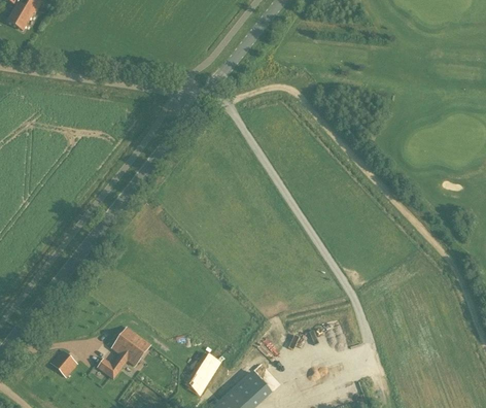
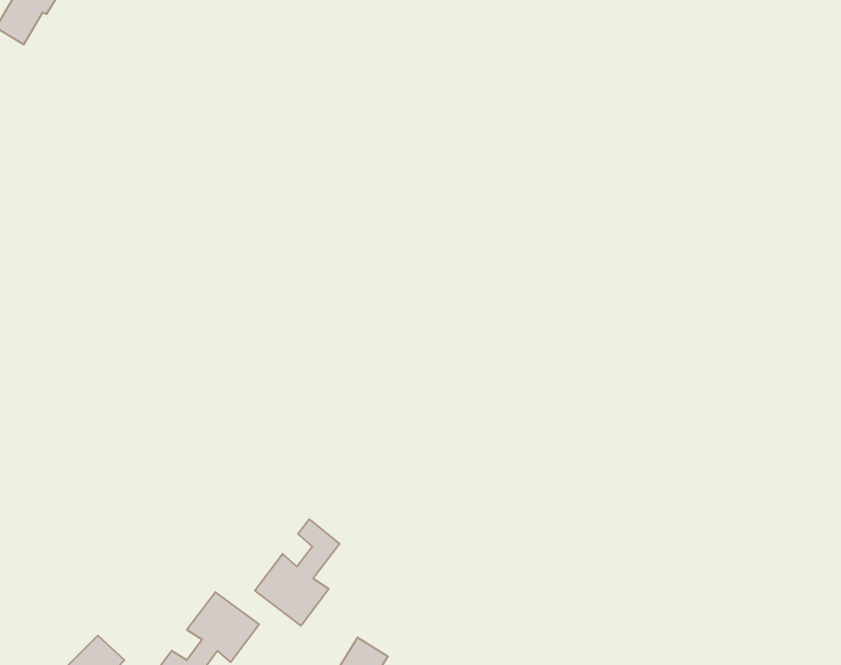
building: none -> [255,519,340,626]

